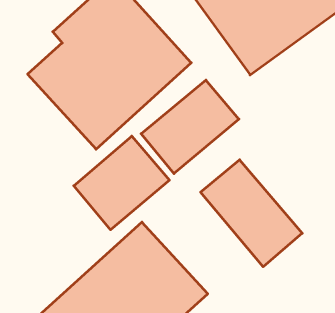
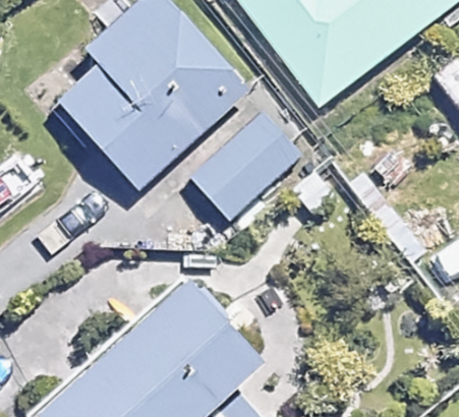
building: [74,136,169,230] -> none
building: [201,160,302,267] -> none

